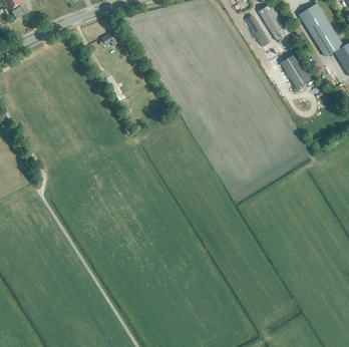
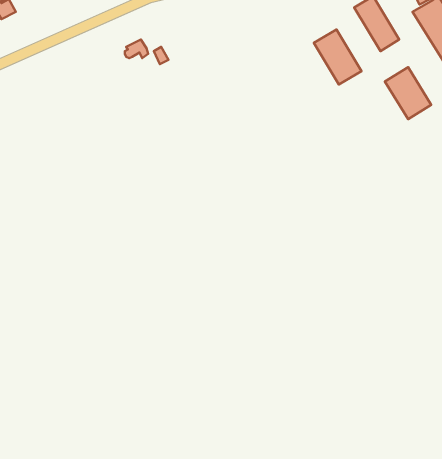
building: none -> [314,29,362,85]

